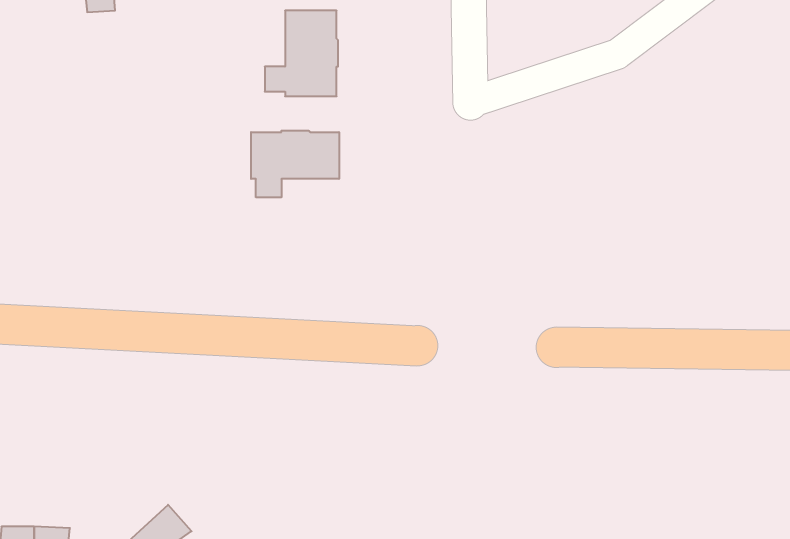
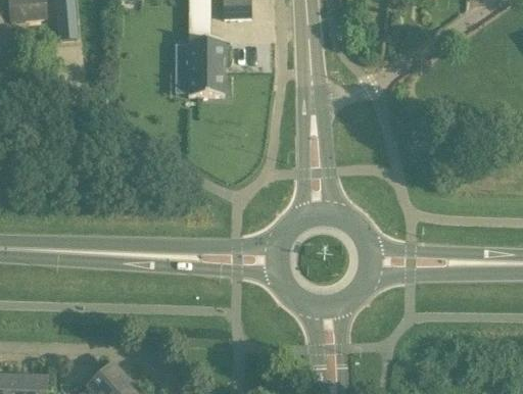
building: [251,131,339,197] -> none

